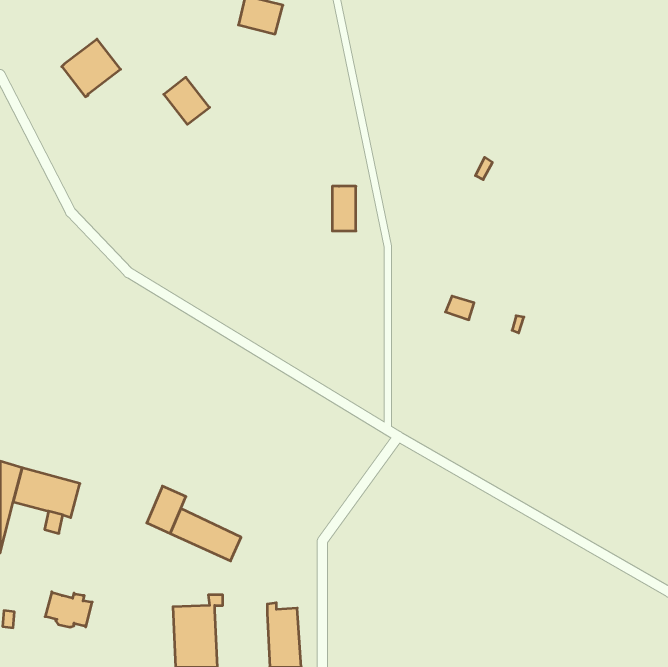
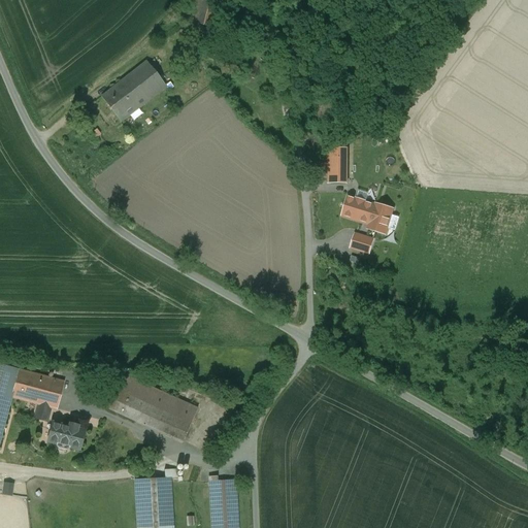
building: [62,39,121,97] -> [102,74,148,120]
building: [332,186,356,231] -> [329,146,348,182]
building: none -> [343,195,393,232]
building: none -> [106,372,198,423]
building: [45,592,92,627] -> [47,421,85,449]

